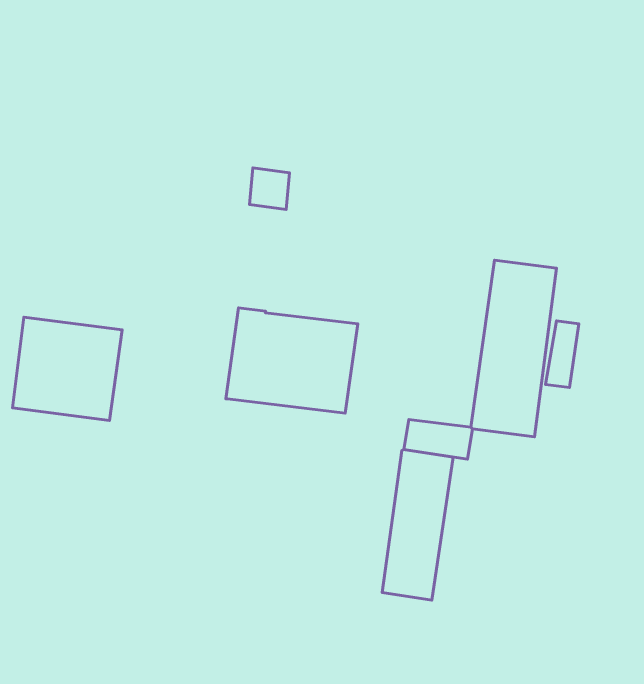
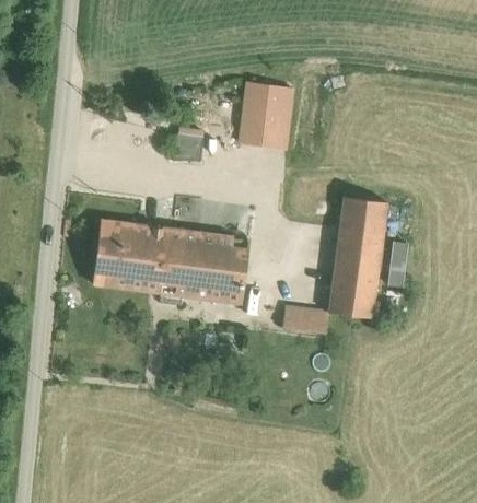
building: none -> [241,82,293,150]
building: [13,317,122,420] -> [93,221,168,292]
building: [382,450,453,600] -> none

